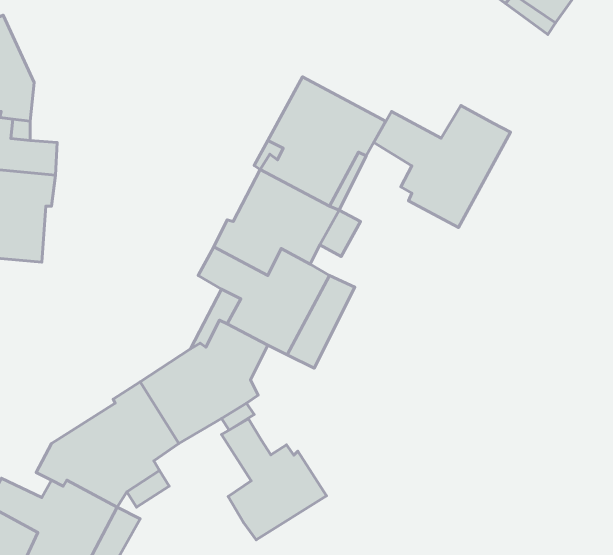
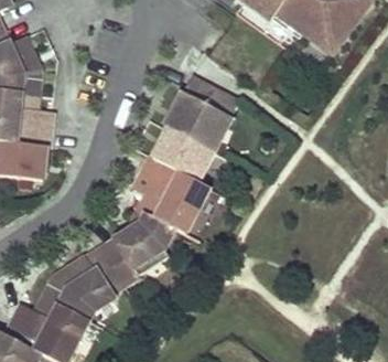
building: [374,106,511,227] -> none
building: [222,419,327,540] -> none

